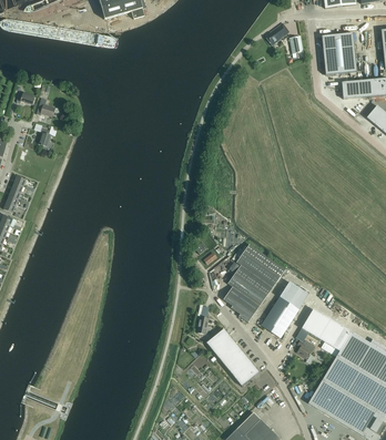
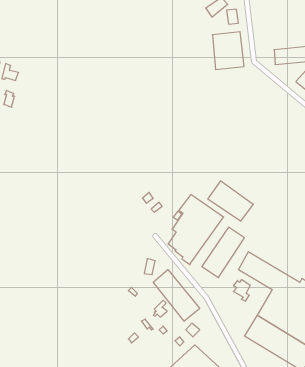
building: [322,32,357,74] -> [212,32,244,69]
building: none -> [208,181,253,221]

